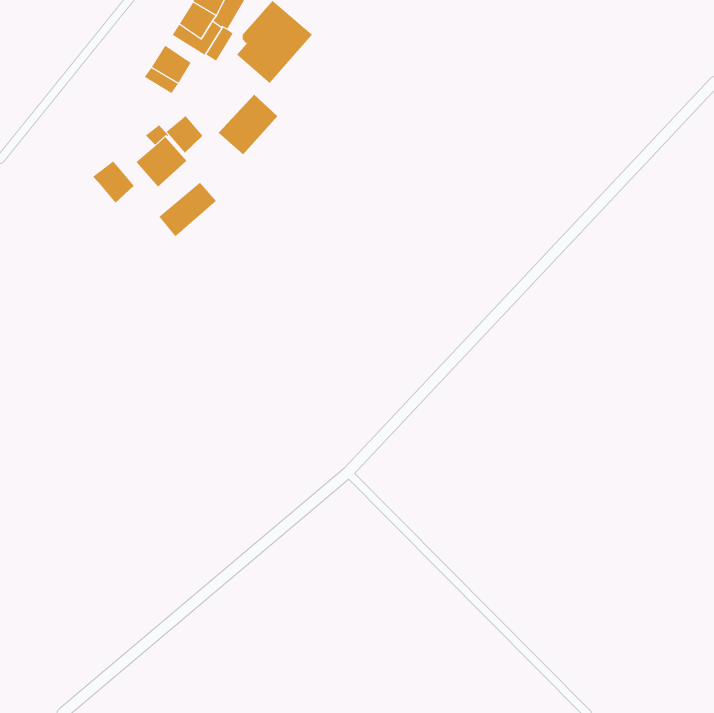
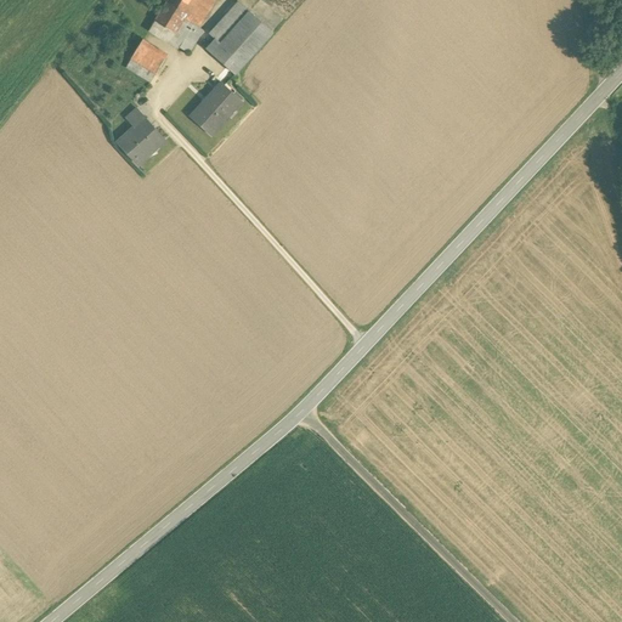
building: [166,115,203,153] -> none
building: [92,160,135,204] -> none
building: [159,182,217,237] -> none

